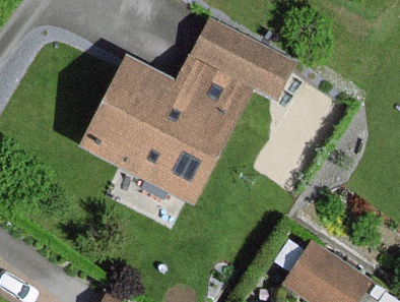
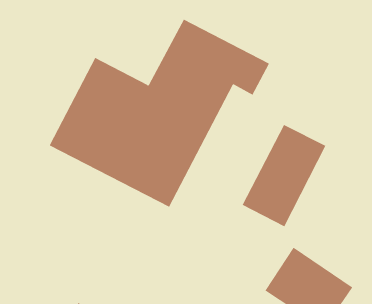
building: none -> [242,124,326,227]

